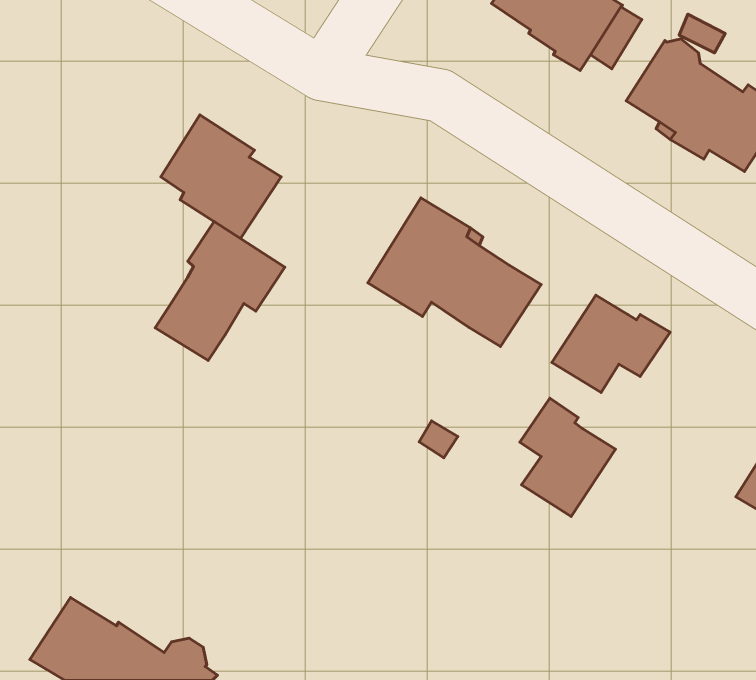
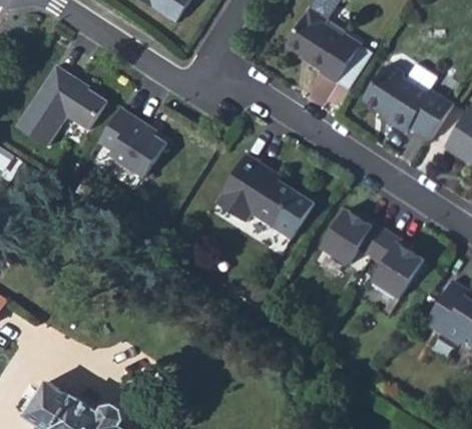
building: none -> [17,66,106,146]
building: [155,222,285,360] -> none
building: [520,398,615,517] -> [370,231,424,298]

